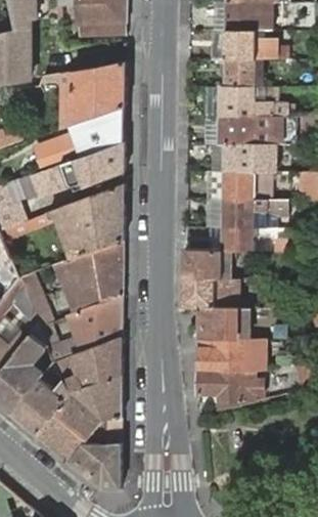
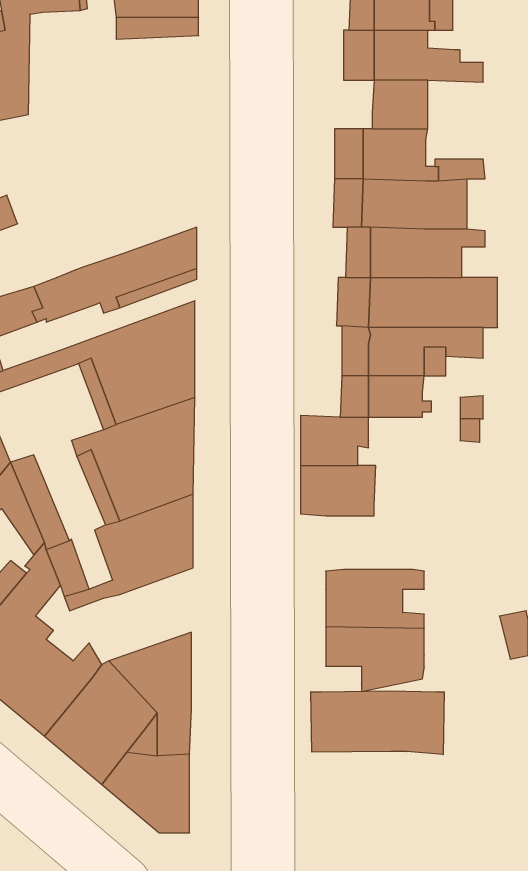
building: [58,61,125,130] -> none
building: [36,120,119,172] -> none
building: [197,308,247,340] -> none
building: [63,338,122,393] -> none
building: none -> [311,691,444,755]

